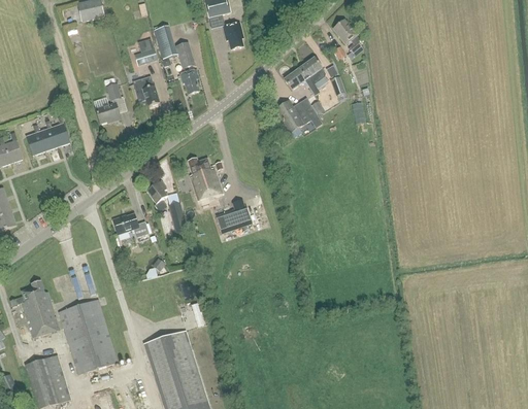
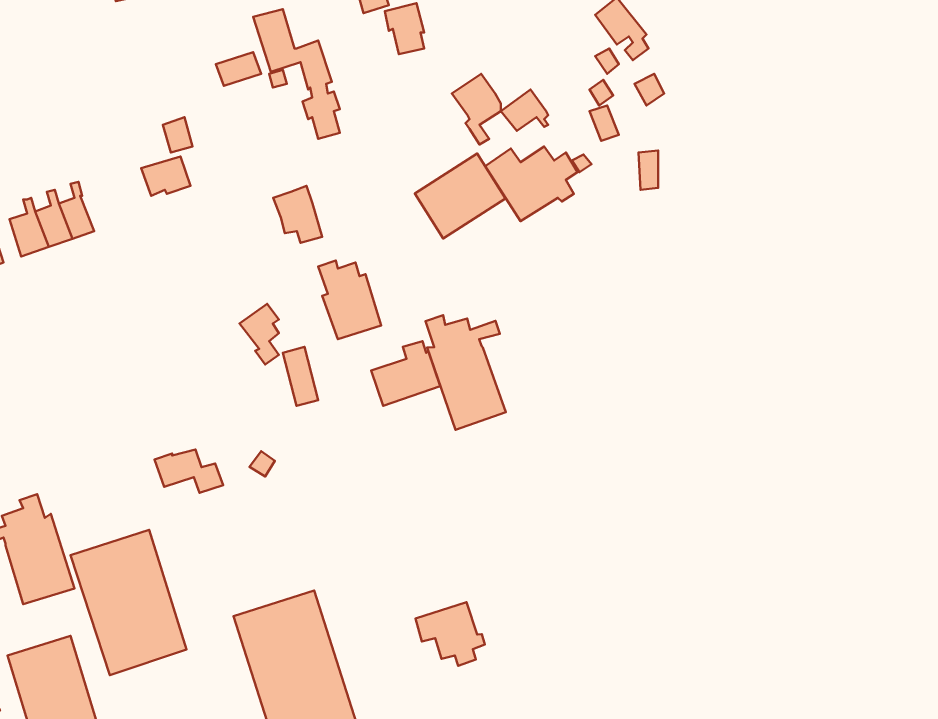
building: [298,57,324,94] -> [452,74,501,145]
building: [132,75,158,105] -> [273,186,322,243]
building: none -> [415,153,506,238]
building: none -> [426,315,506,430]
building: [111,213,147,236] -> [154,450,223,493]
building: none -> [415,602,485,666]

